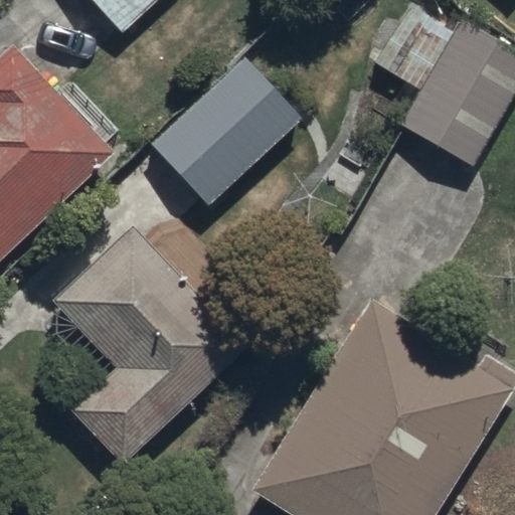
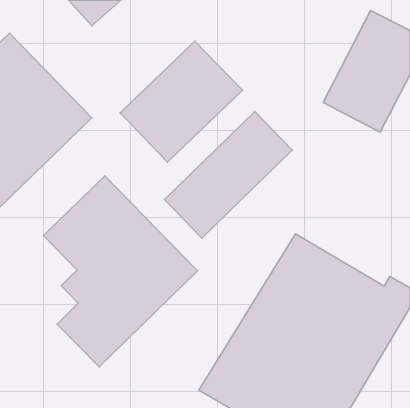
building: none -> [165,111,292,238]

